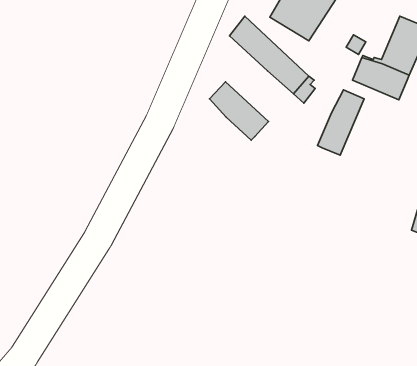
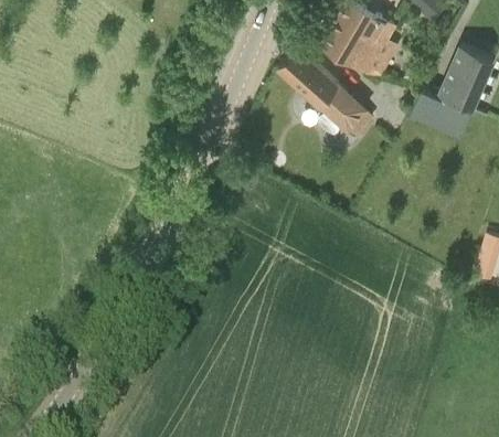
building: [209,82,269,140] -> none
building: [318,90,364,155] -> none

